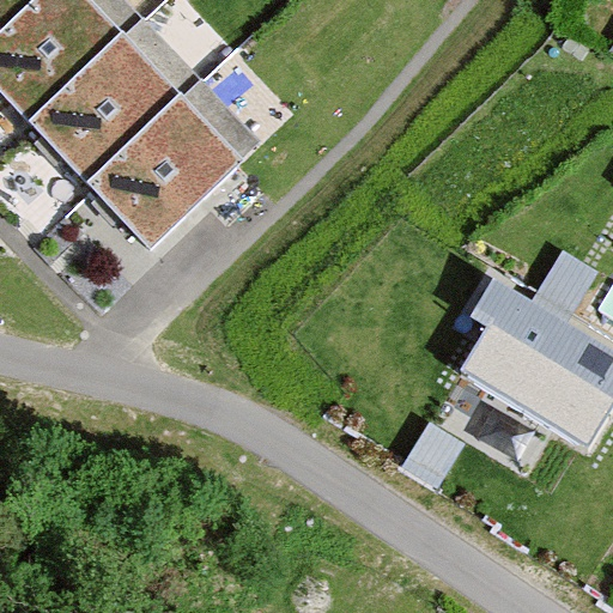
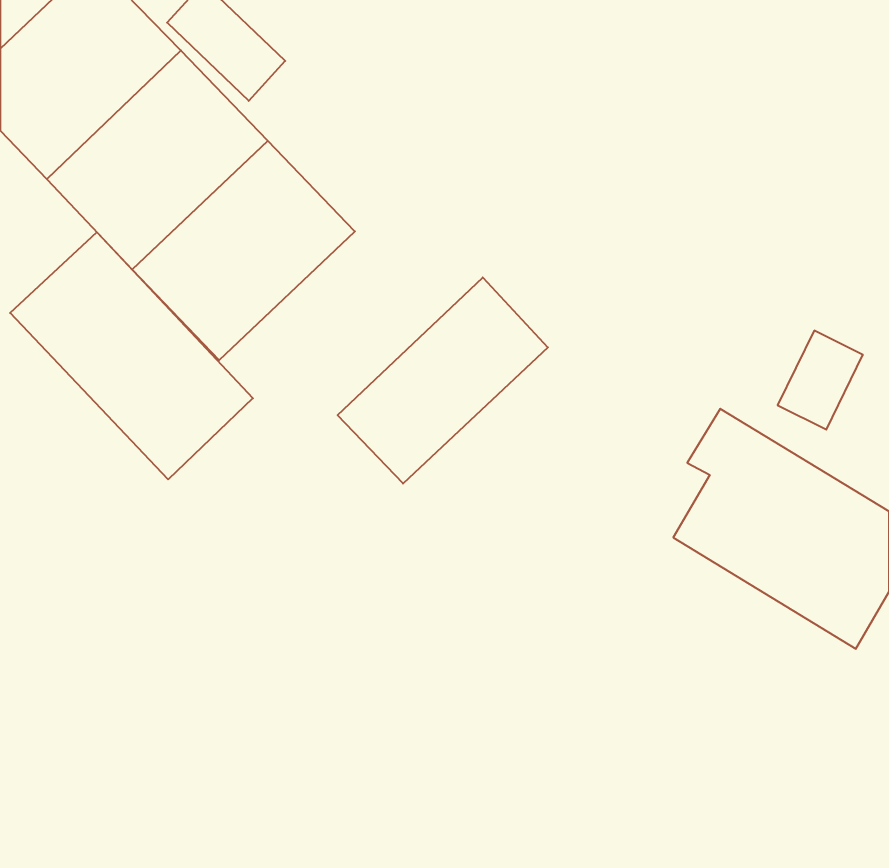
building: none -> [10,232,253,479]
building: none -> [338,277,548,484]

